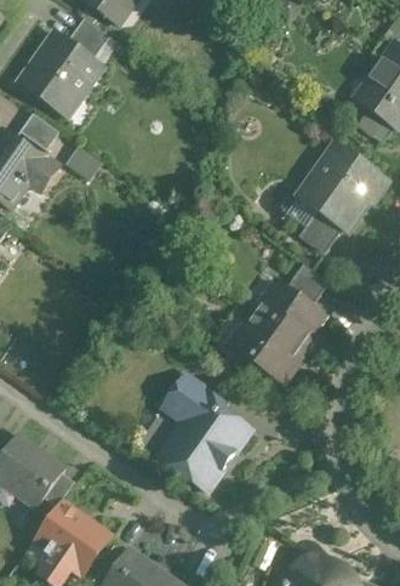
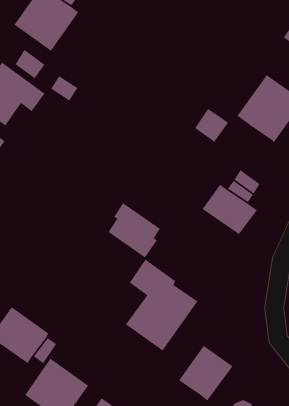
building: [298,210,342,254] -> [194,108,229,143]
building: [234,313,301,383] -> [107,202,161,259]
building: none -> [178,345,233,402]

